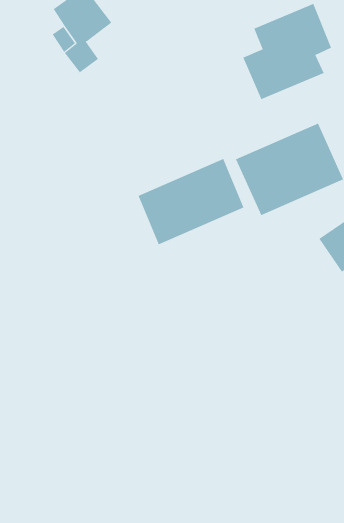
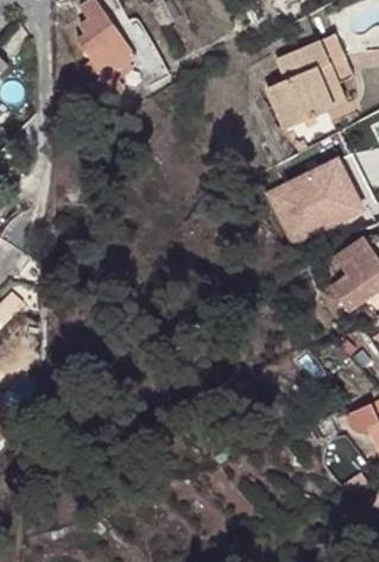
building: [138,158,244,245] -> none

